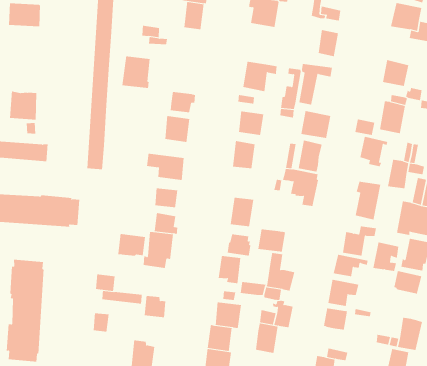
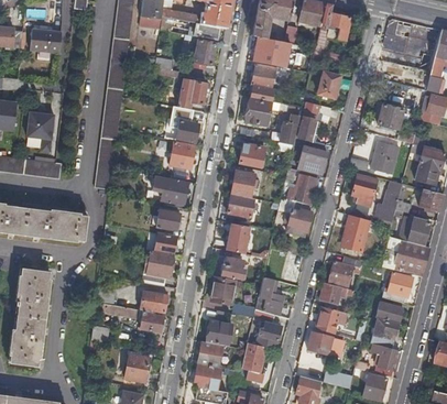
building: none -> [251,64,281,100]
building: [121,56,150,88] -> [177,79,206,111]
building: [258,229,286,252] -> [227,194,254,217]
building: [118,234,146,256] -> [140,290,167,312]
building: [372,242,399,271] -> [371,318,397,347]

